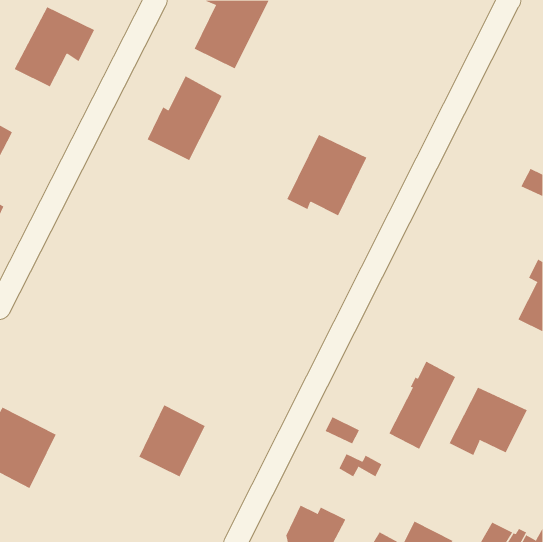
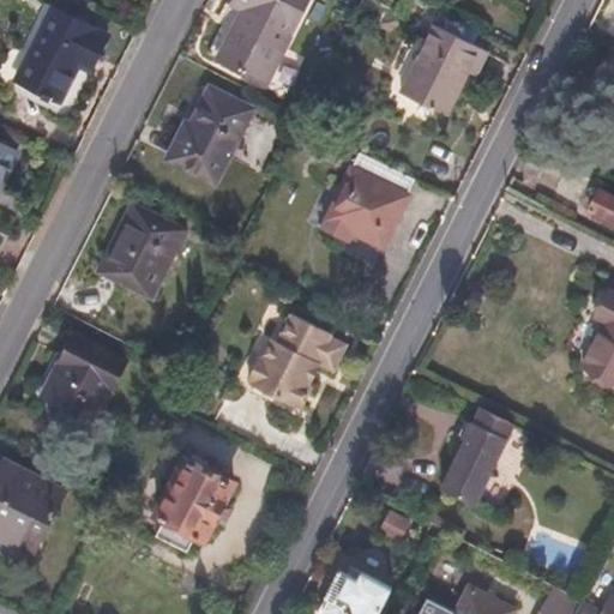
building: none -> [401,26,486,115]
building: none -> [97,204,185,299]
building: none -> [248,315,341,410]
building: none -> [44,337,122,420]
building: [449,387,527,456] -> none

